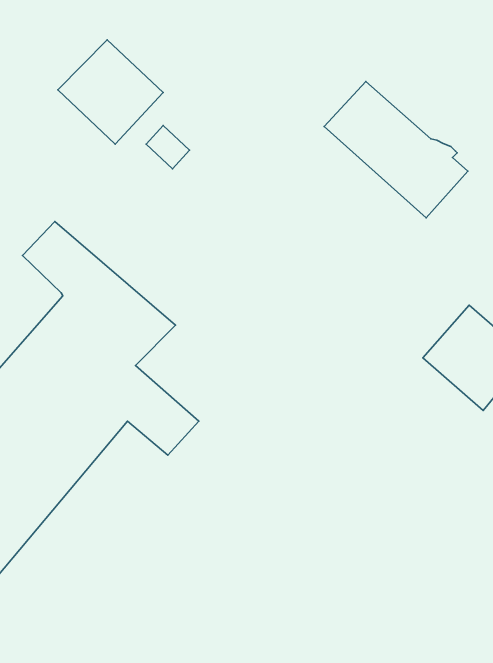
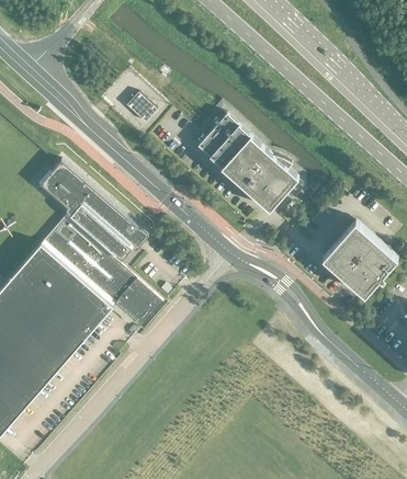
building: [58,40,163,144] -> none
building: [324,82,468,218] -> [196,116,298,213]

